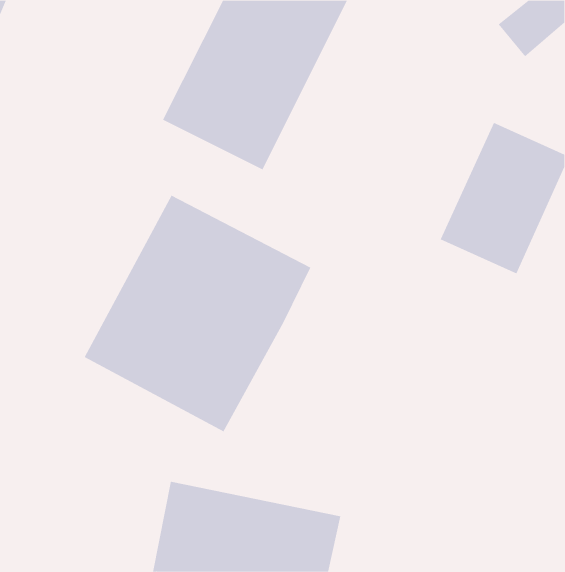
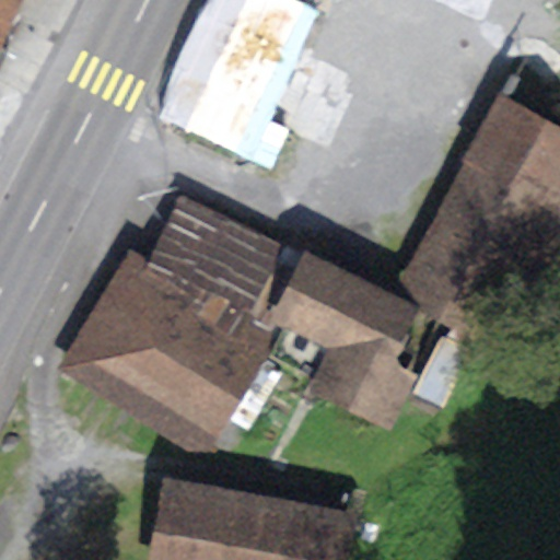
building: none -> [278,261,420,413]

